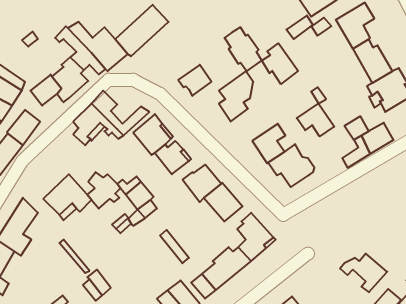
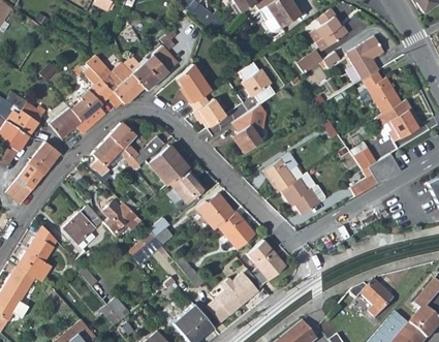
building: none -> [177,65,211,103]
building: [262,43,298,84] -> none
building: [297,103,334,136] -> none

